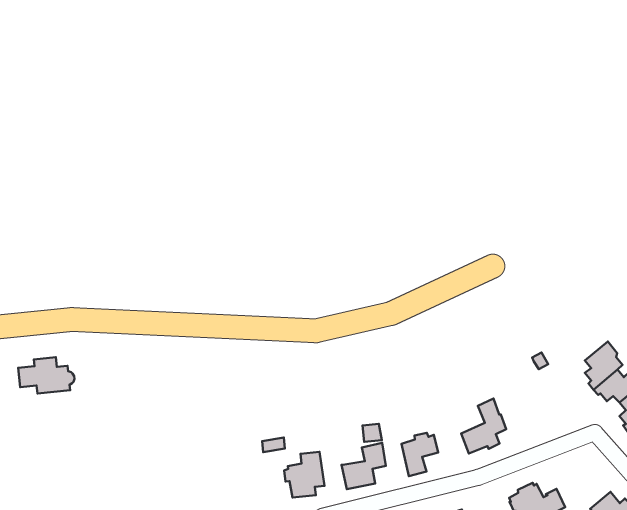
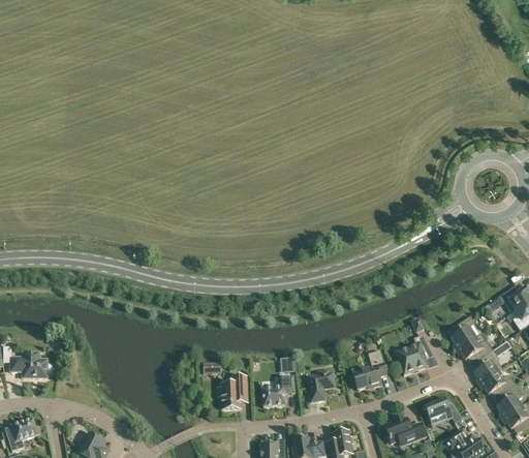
building: [18,357,74,394] -> [10,352,52,377]
building: none -> [396,335,434,374]
building: none -> [423,397,462,427]

